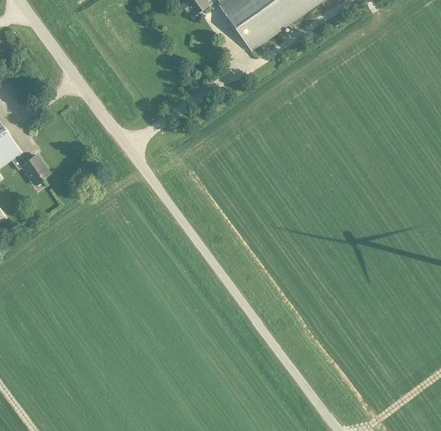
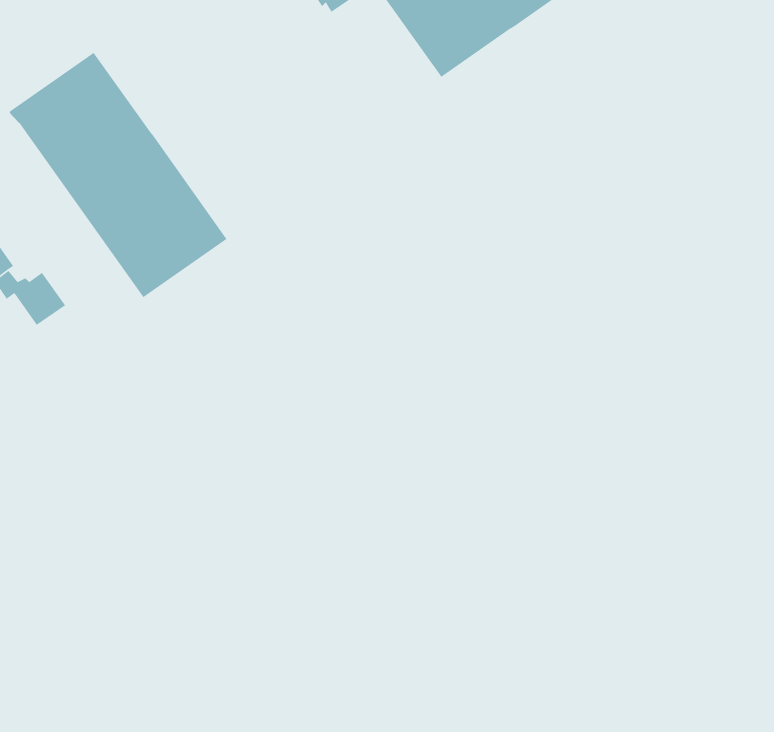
building: none -> [9,52,228,298]

